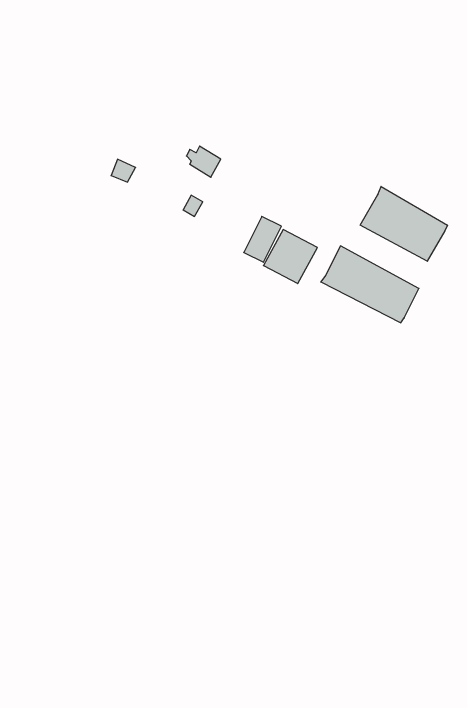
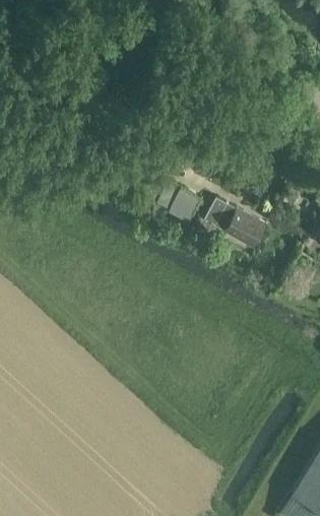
building: [360,186,447,261] -> none

